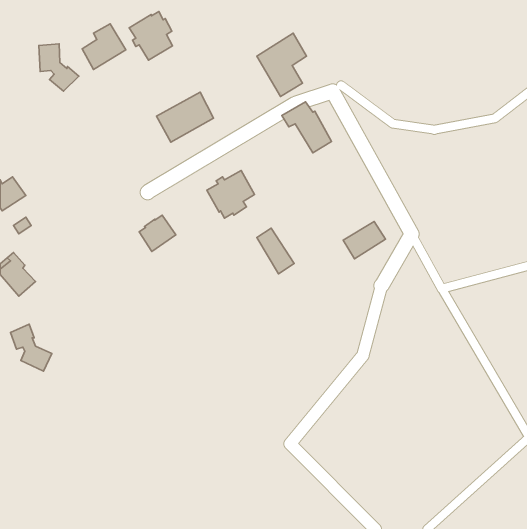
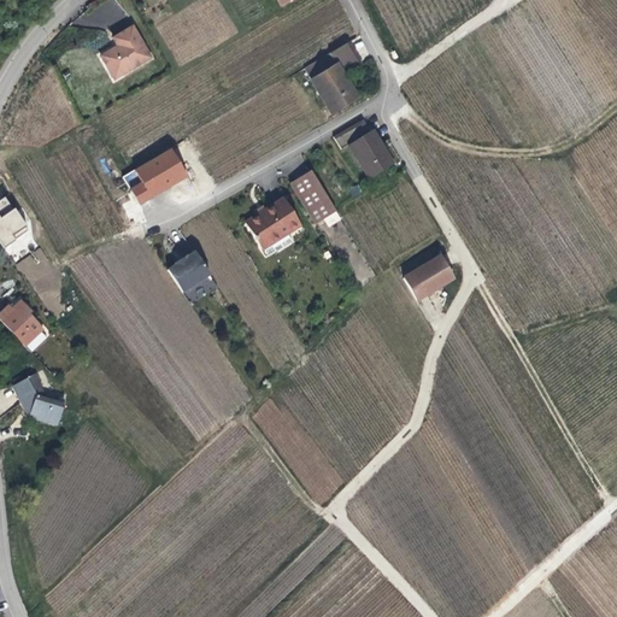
building: [129,12,172,60] -> none
building: [39,44,79,91] -> none
building: [156,92,214,142] -> [128,145,194,202]
building: [257,228,294,274] -> [292,169,335,222]

